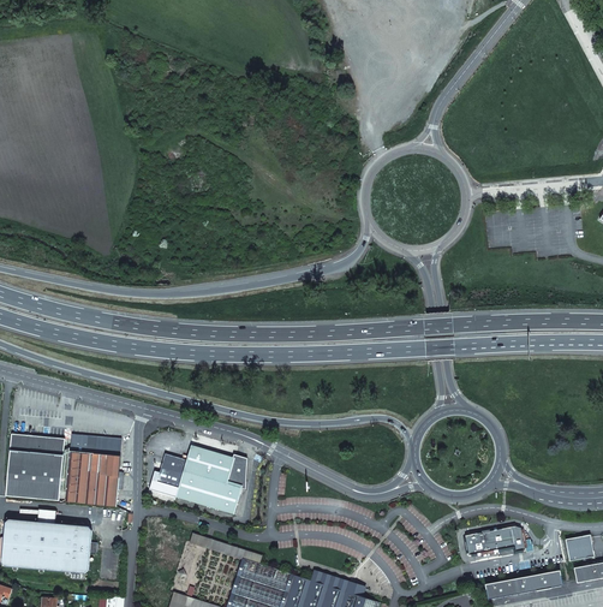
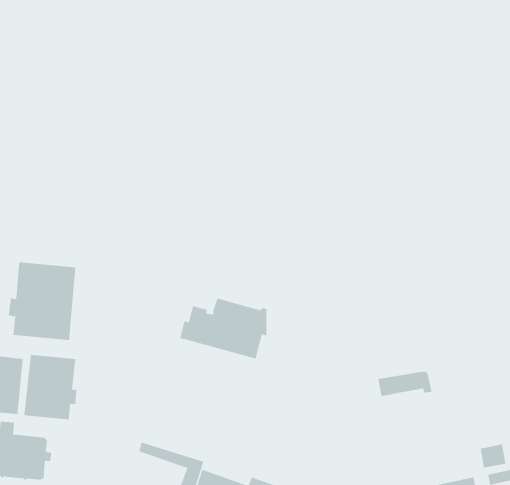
building: none -> [8,261,76,341]
building: [149,444,245,511] -> [180,298,267,359]
building: [465,526,525,554] -> [378,371,432,396]

